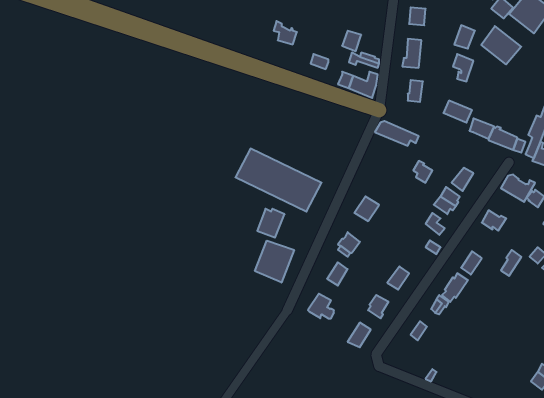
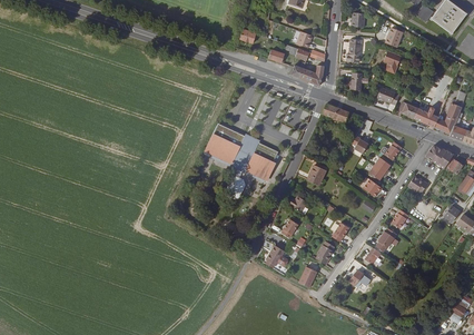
building: [481,26,521,64] -> none
building: [255,241,294,283] -> none

